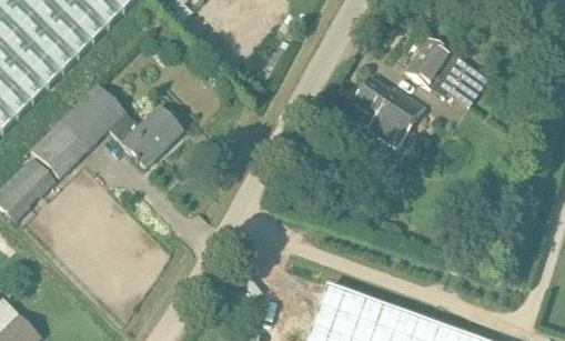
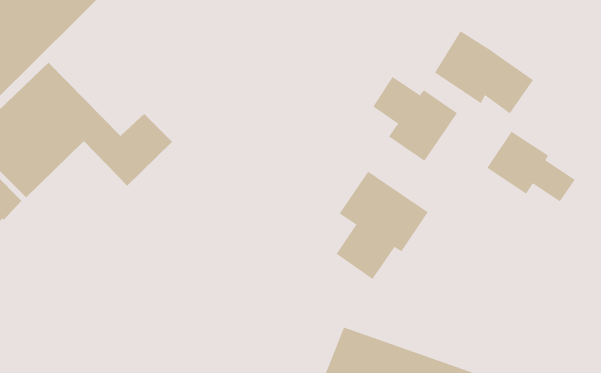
building: none -> [487,131,576,202]
building: none -> [336,171,428,280]

